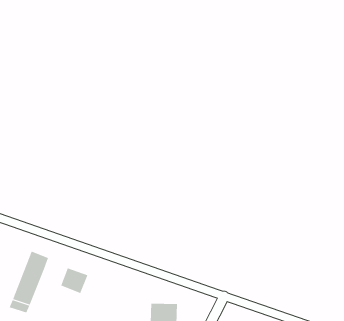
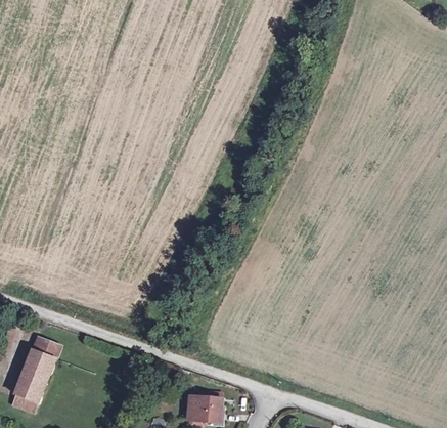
building: [61,268,88,294] -> none

